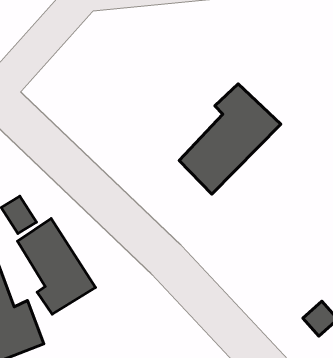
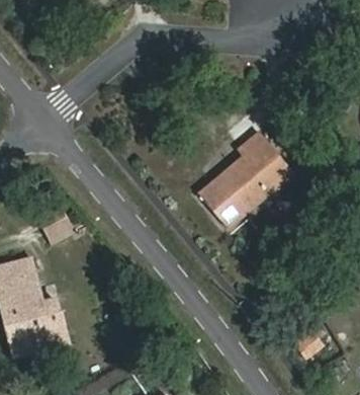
building: [18,219,95,314] -> none

